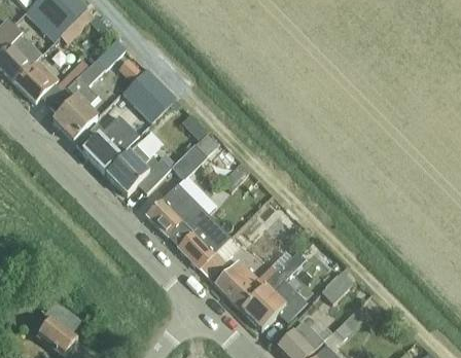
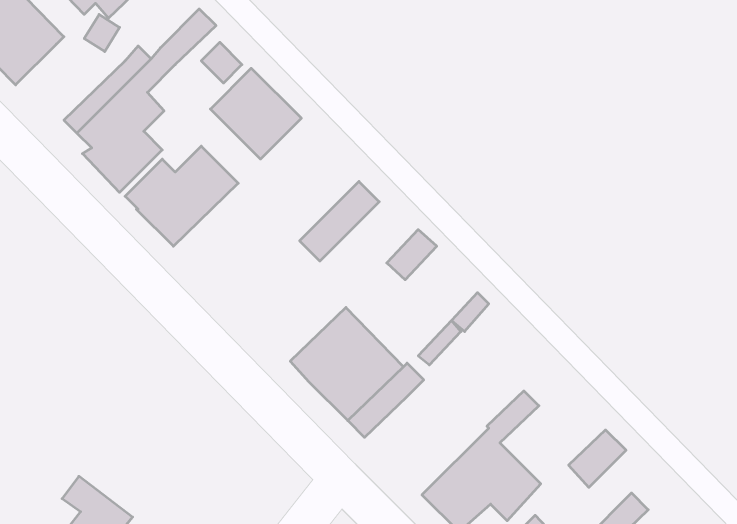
building: [15,58,58,101] -> none
building: [106,138,170,193] -> none
building: [146,183,199,235] -> none
building: [216,258,278,308] -> none

